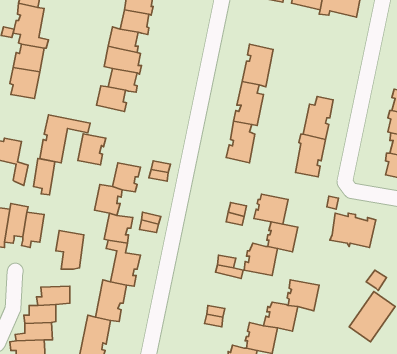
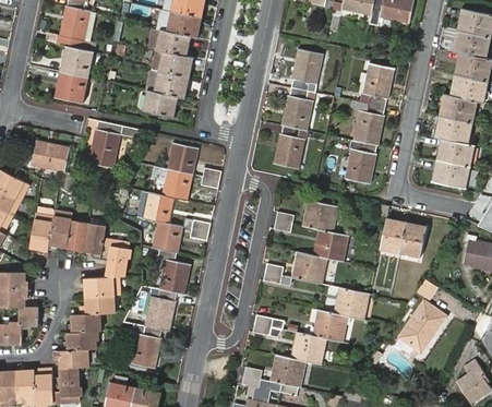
building: none -> [363,62,392,105]
building: [78,134,106,165] -> [165,142,193,173]
building: [34,158,55,195] -> [85,222,107,259]
building: none -> [86,277,120,296]

